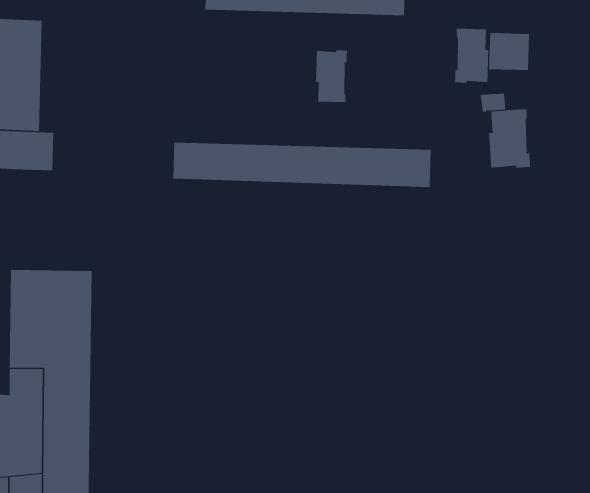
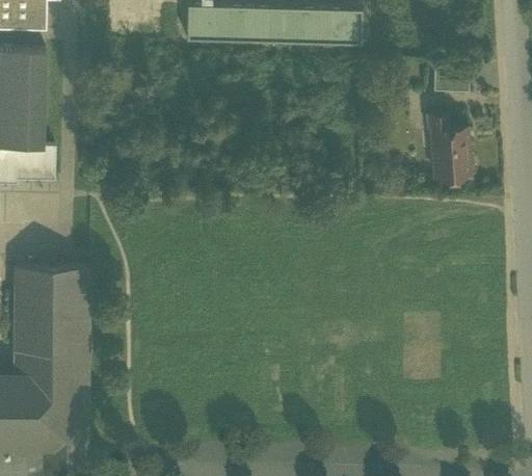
building: [455,28,489,84] -> none
building: [315,49,348,103] -> none
building: [173,142,431,188] -> none

